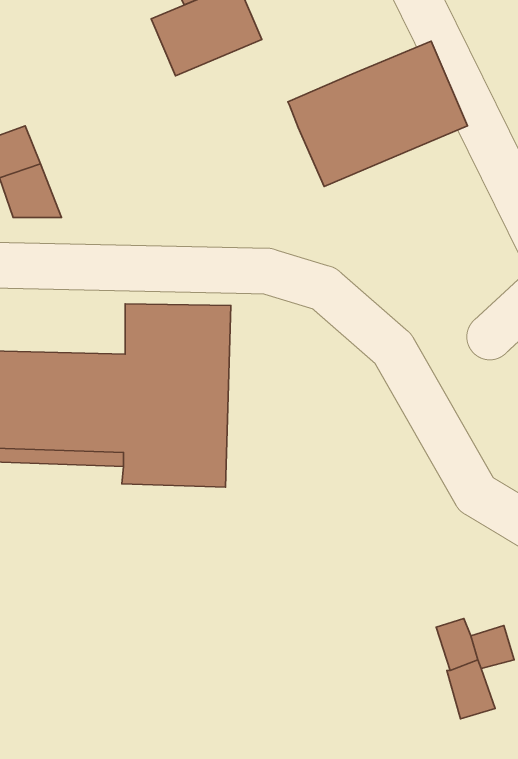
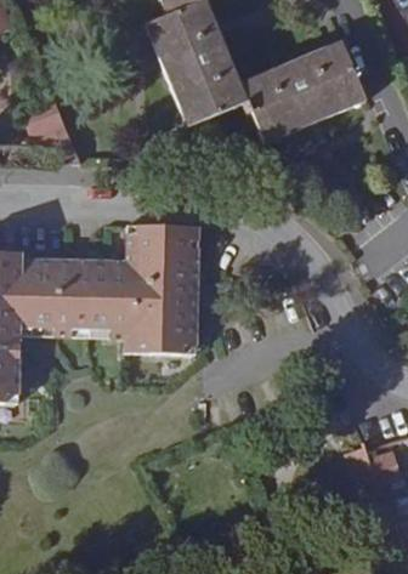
building: none -> [160,38,246,125]

